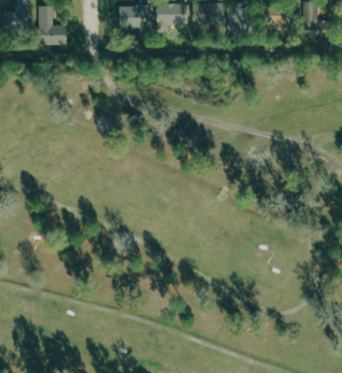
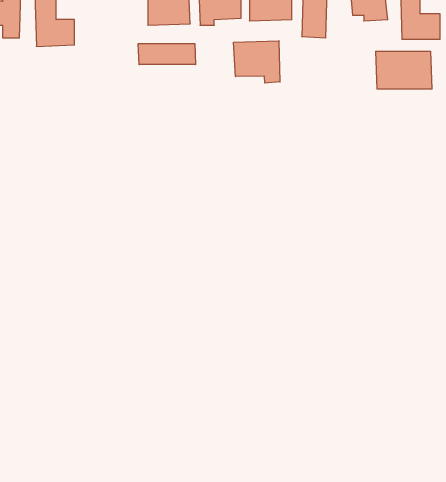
building: none -> [233,41,280,83]
building: none -> [138,44,196,65]
building: none -> [376,51,432,89]

